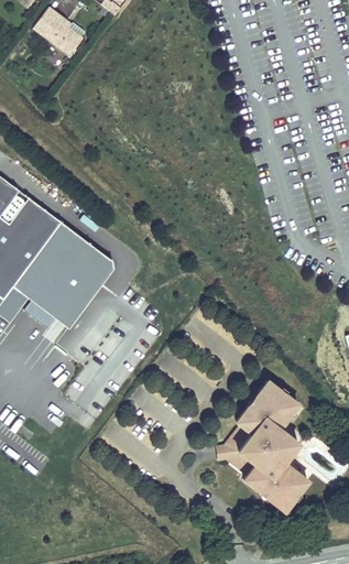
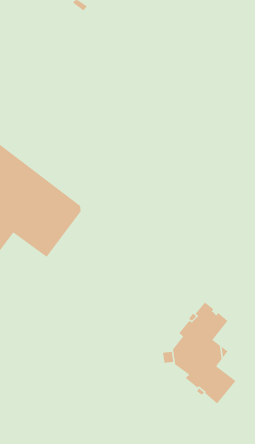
building: [33,7,84,57] -> none

